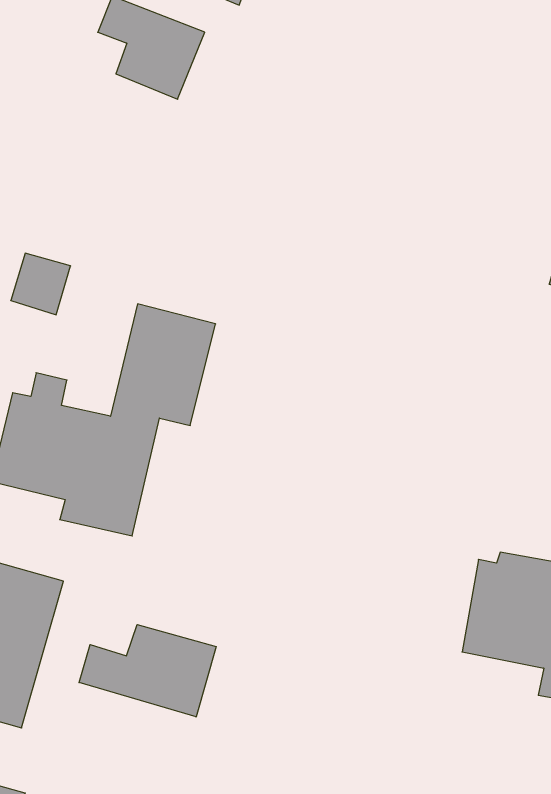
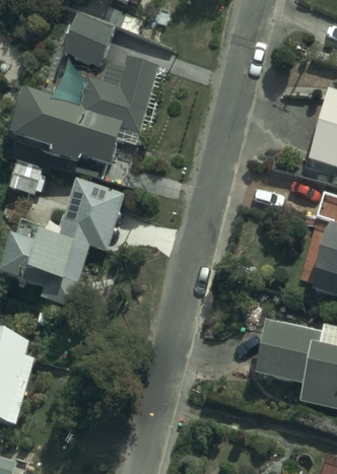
building: none -> [9,55,158,163]
building: [79,625,216,717] -> none

